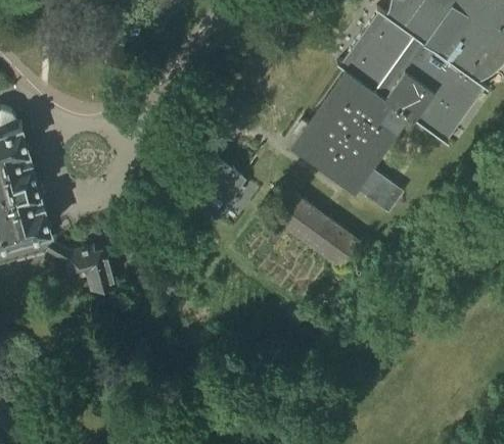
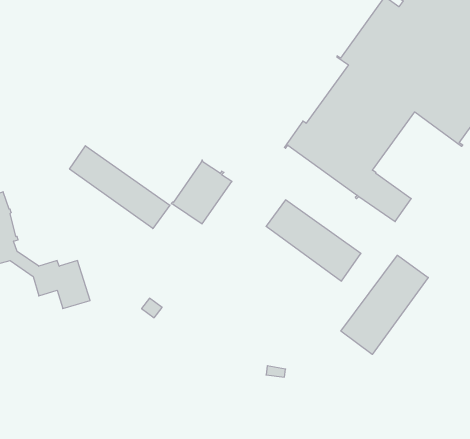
building: none -> [70,146,170,229]
building: none -> [341,255,428,354]

